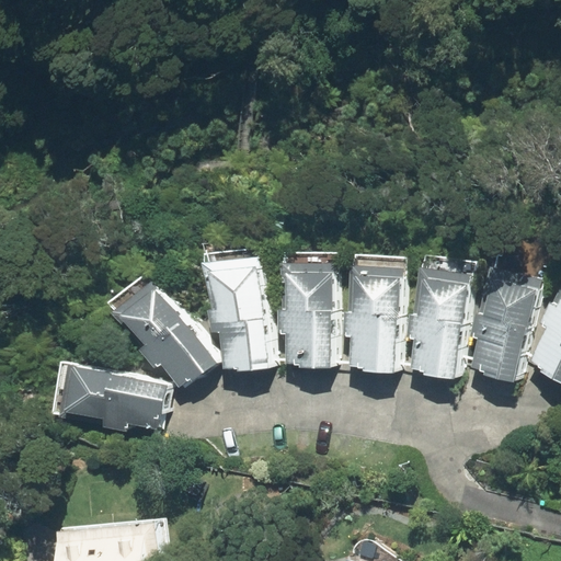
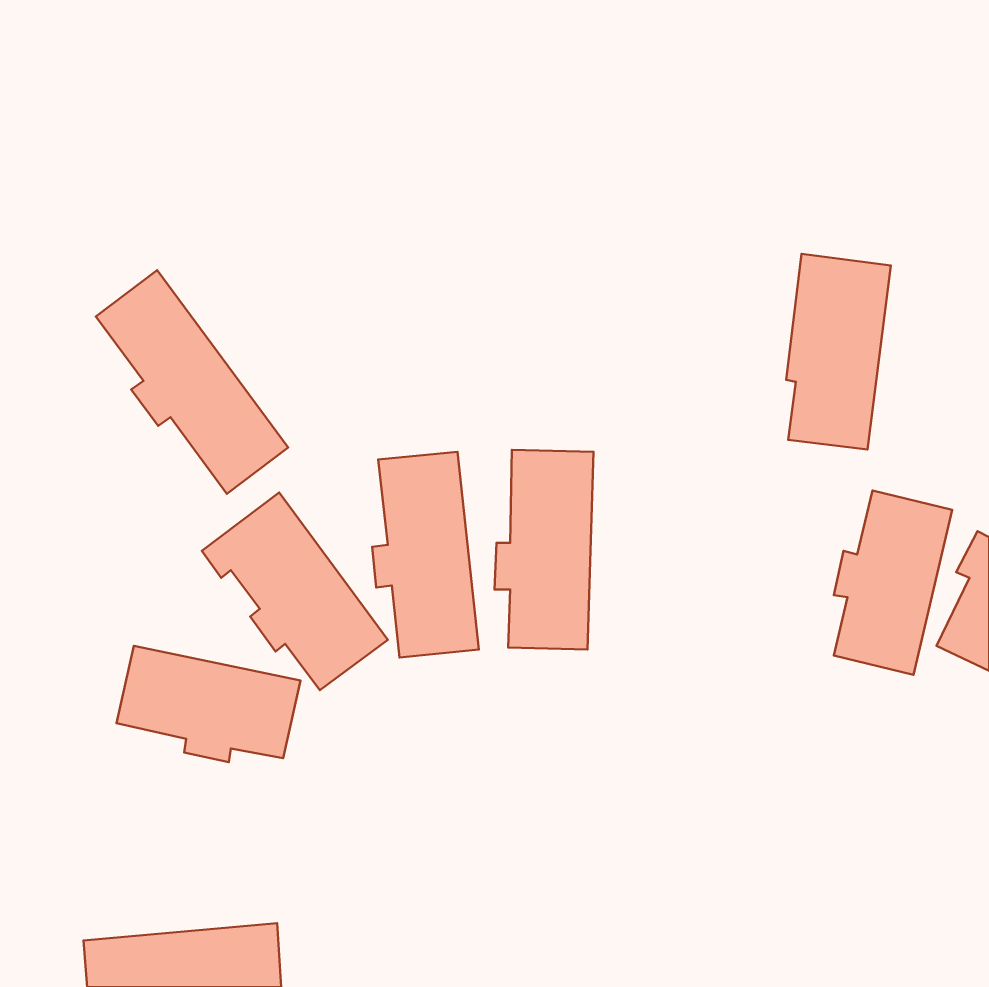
building: none -> [96,270,288,494]
building: [345,264,402,373] -> none
building: [410,266,469,377] -> [786,254,891,450]

